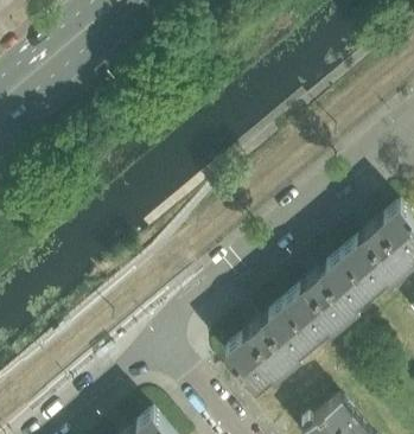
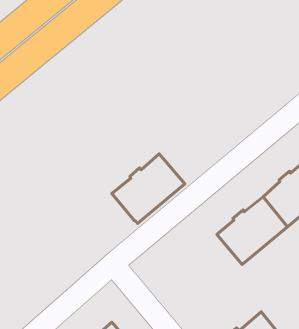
building: [224,301,316,389] -> [112,154,185,224]

